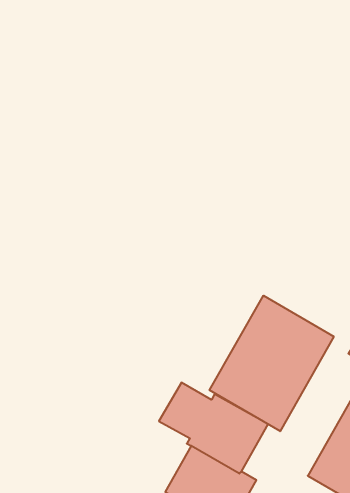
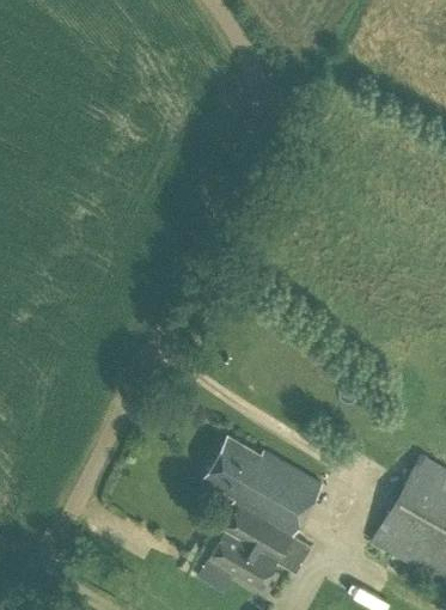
building: [210,296,334,431] -> none

